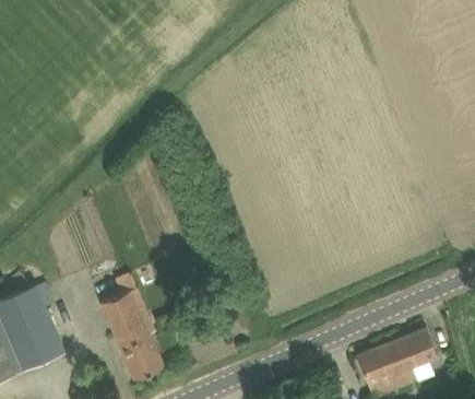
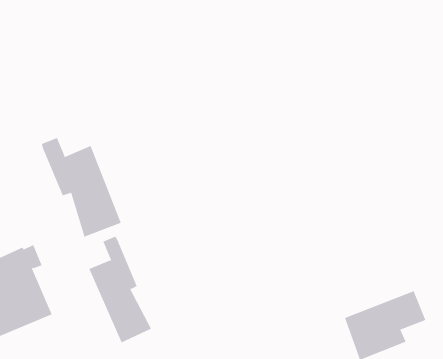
building: none -> [41,137,121,237]

